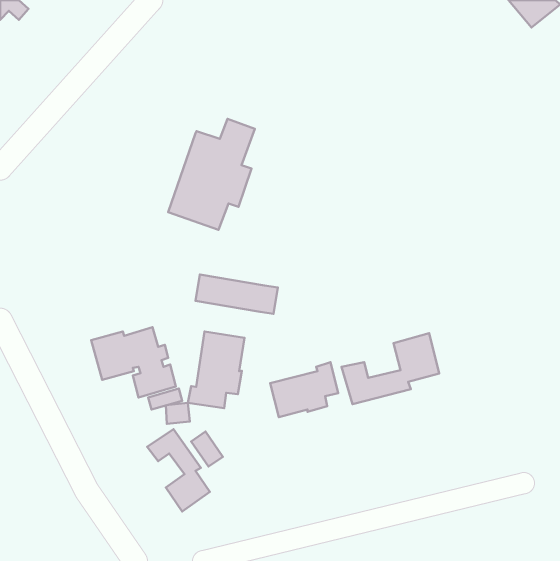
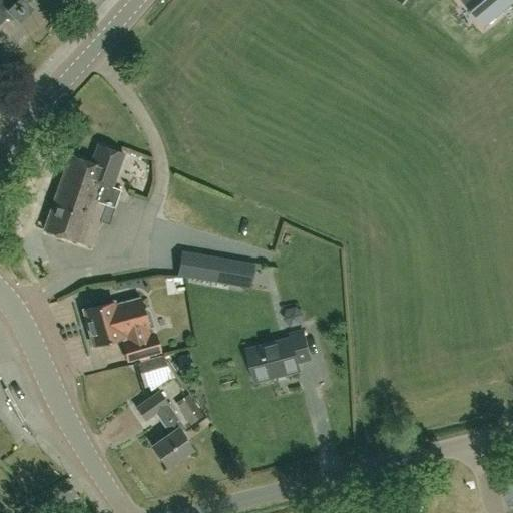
building: [168,119,255,230] -> [45,144,124,245]
building: [188,332,245,408] -> none
building: [342,333,439,404] -> none

